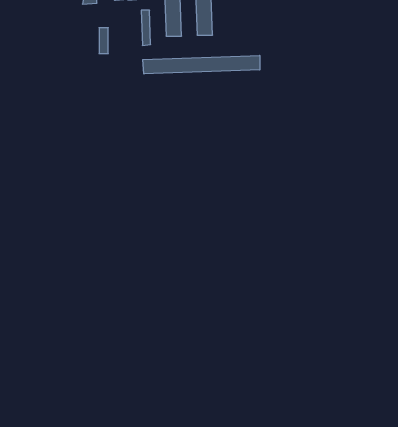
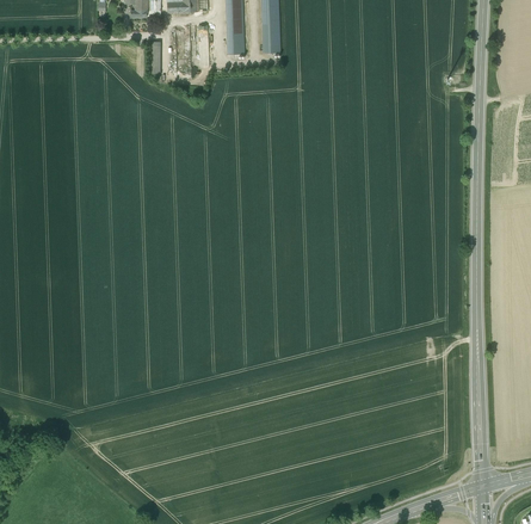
building: [143,55,260,74] -> none

